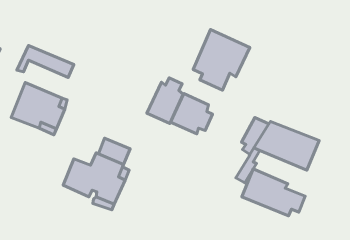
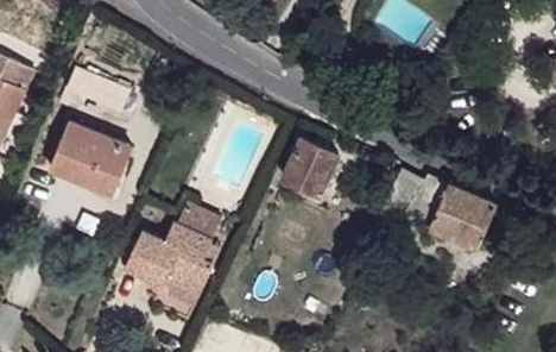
building: [193,30,250,90] -> none
building: [147,78,183,124] -> none
building: [242,169,305,216] -> none

